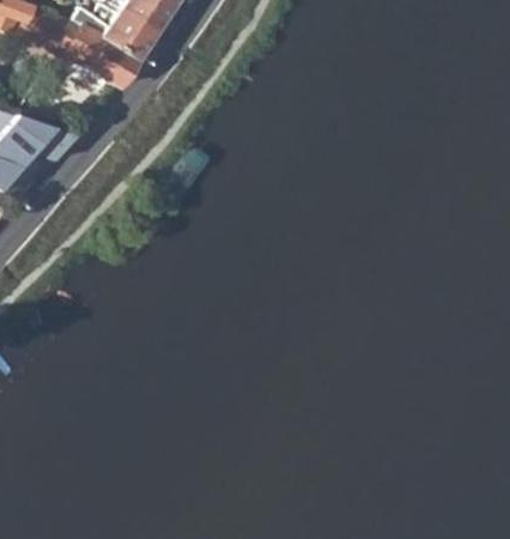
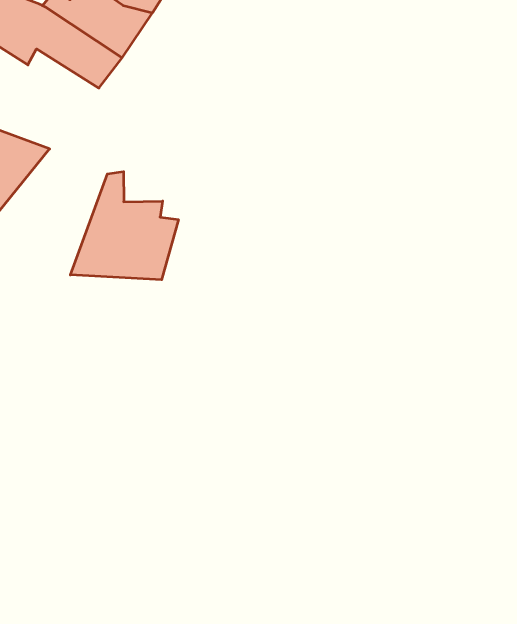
building: none -> [70,172,178,280]

